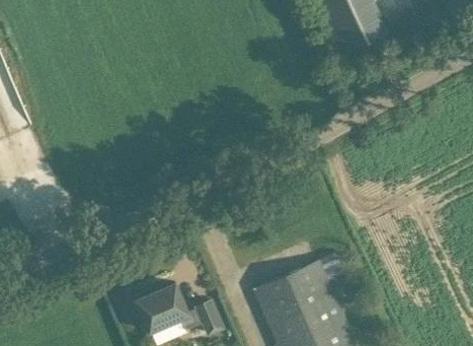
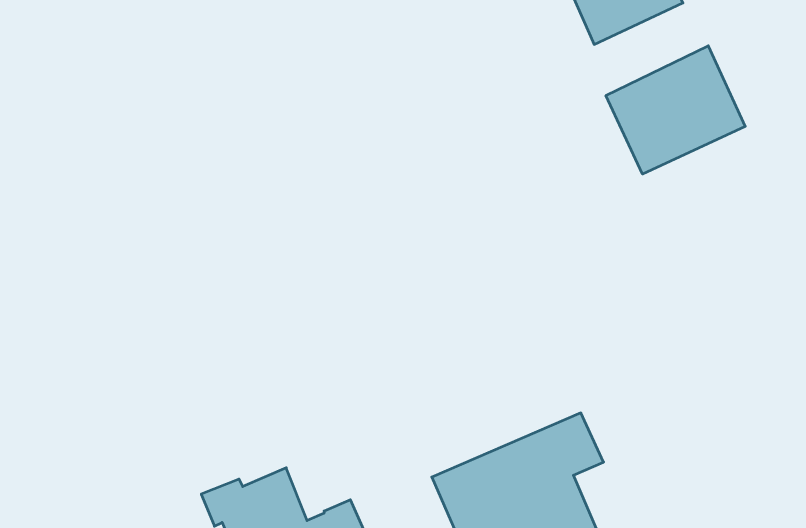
building: none -> [606,46,745,174]

